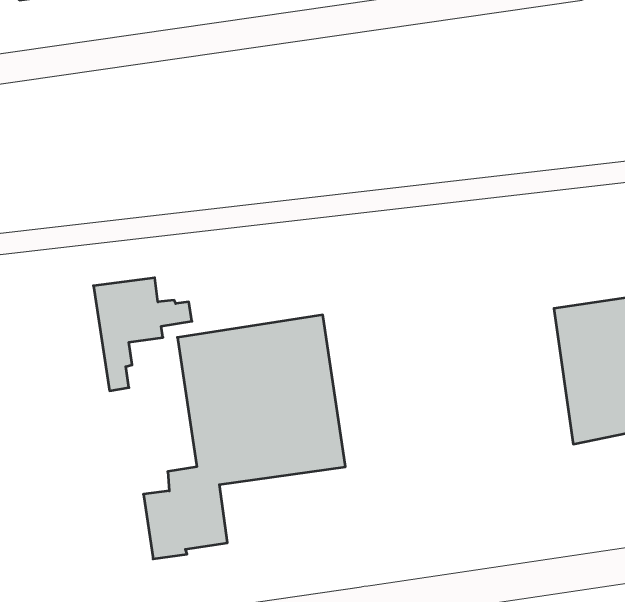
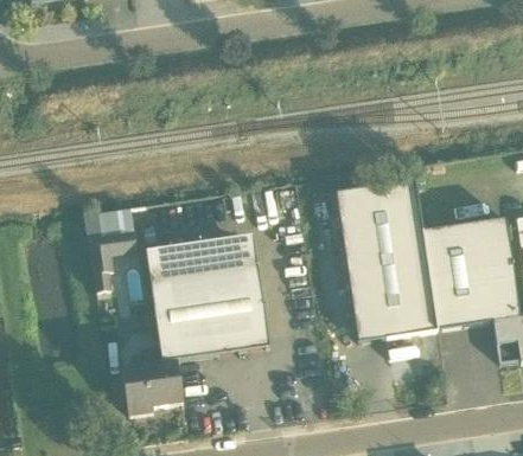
building: none -> [334,180,436,341]

